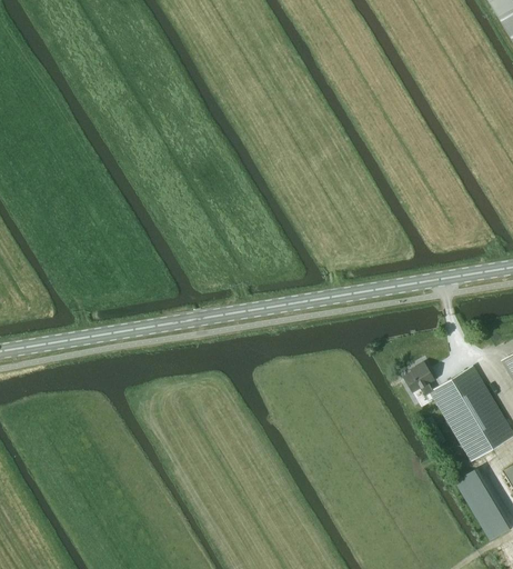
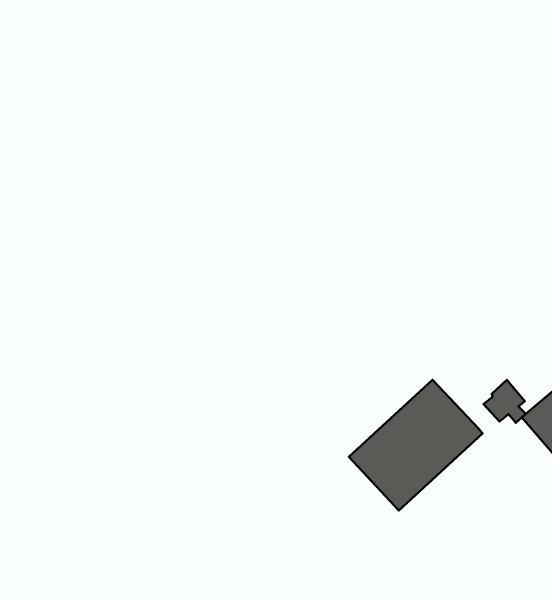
building: none -> [349,380,482,511]

